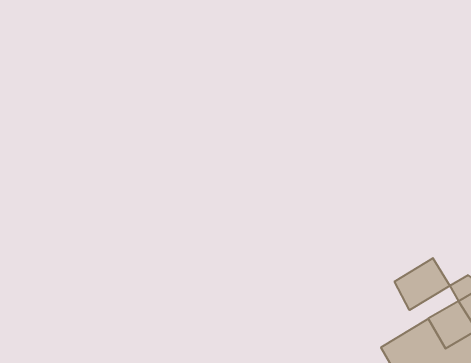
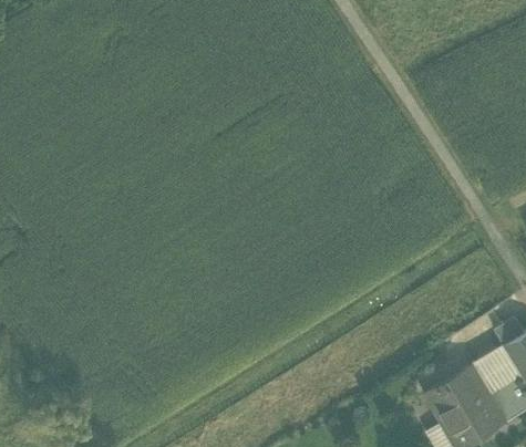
building: [395,258,450,310] -> none

